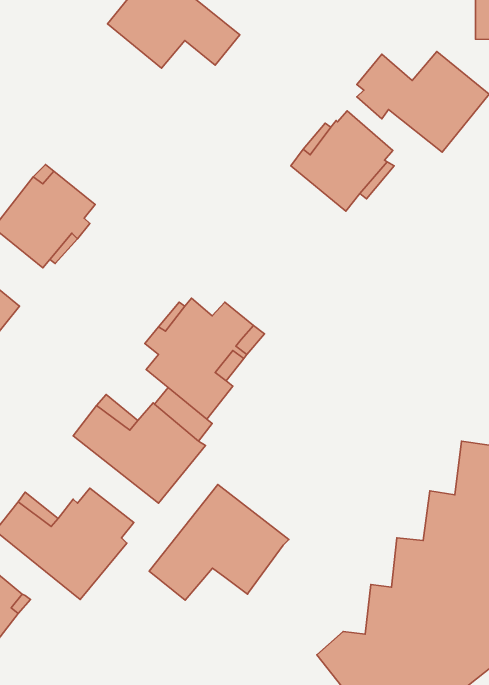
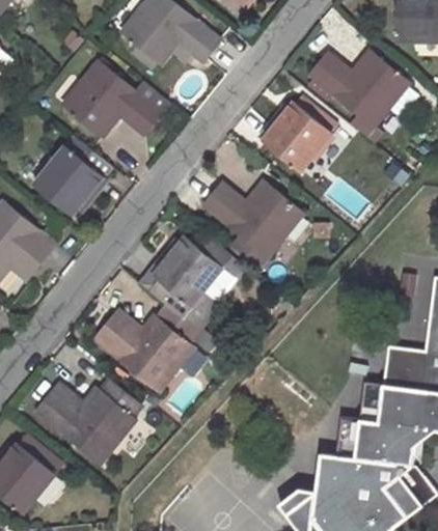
building: none -> [60,60,169,137]
building: none -> [203,183,302,258]
building: [149,484,289,600] -> none

